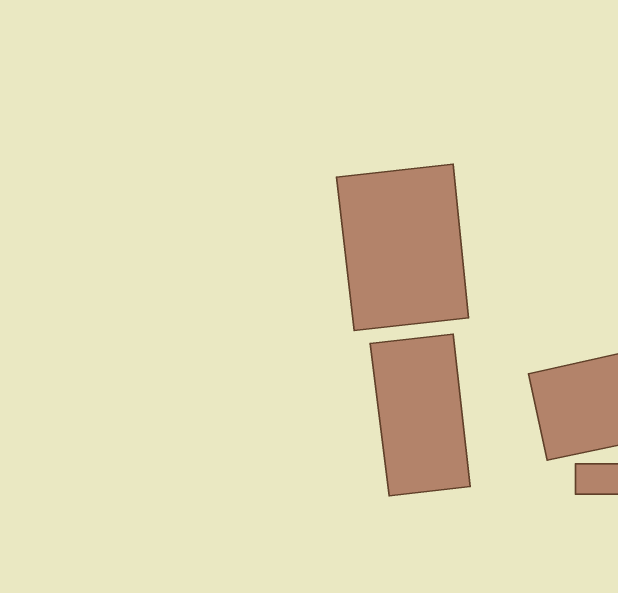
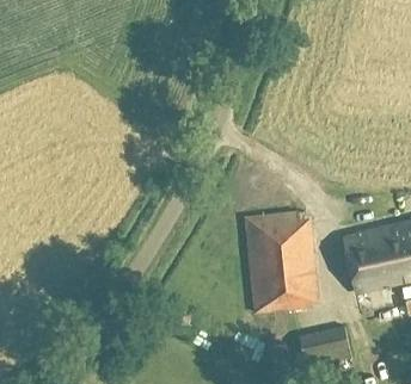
building: [336,164,468,330] -> none
building: none -> [300,328,351,368]

